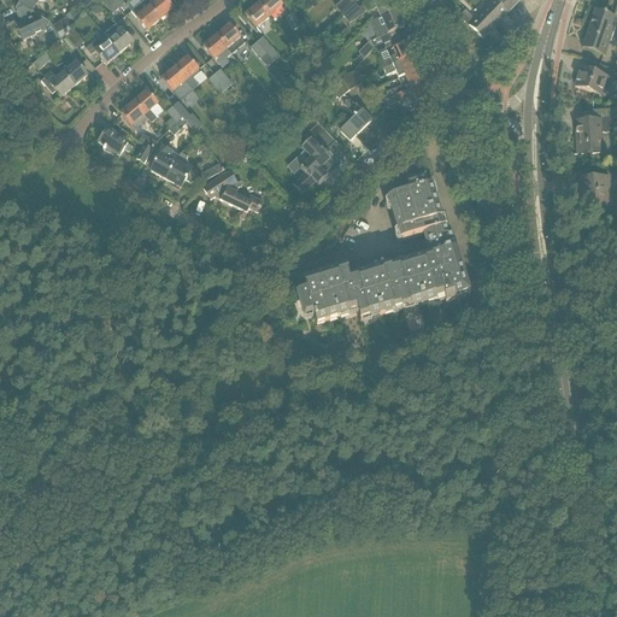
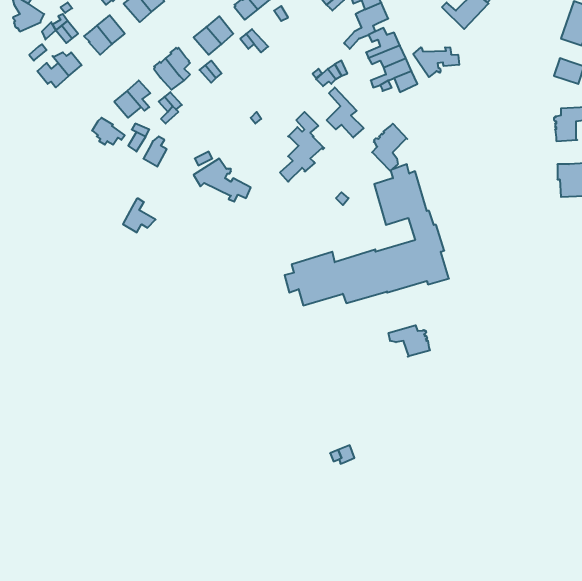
building: none -> [413,47,459,77]
building: none -> [372,124,407,171]
building: [165,149,199,184] -> [123,199,156,232]
building: none -> [389,325,430,357]

